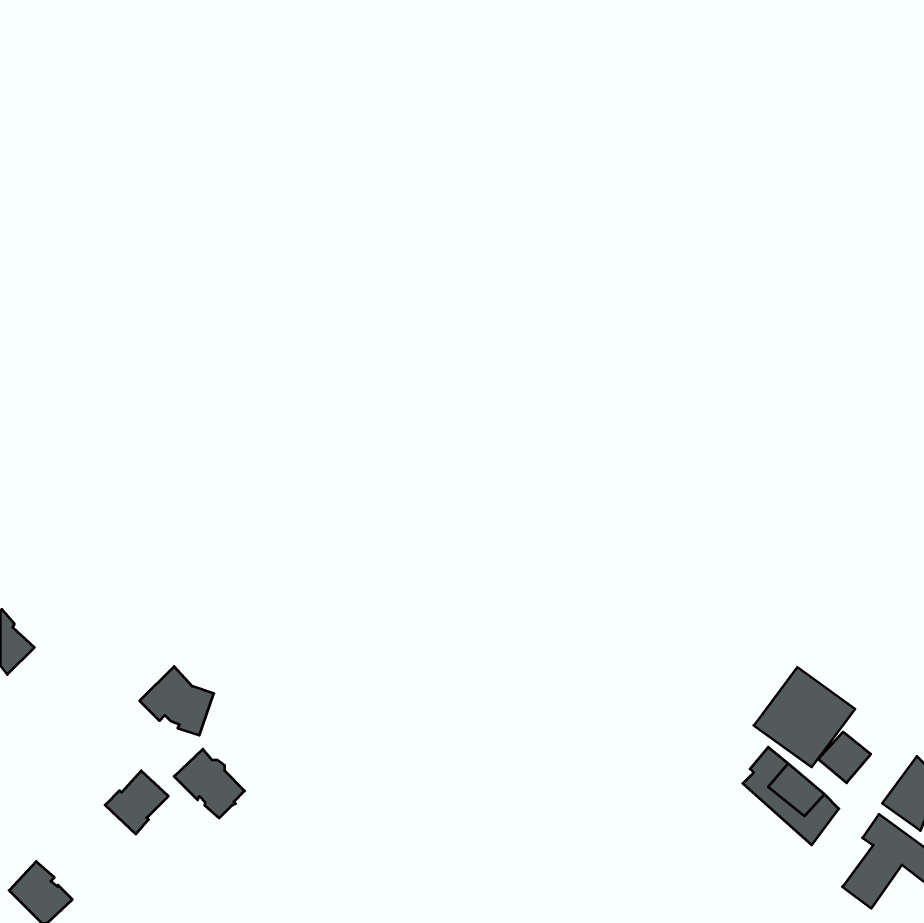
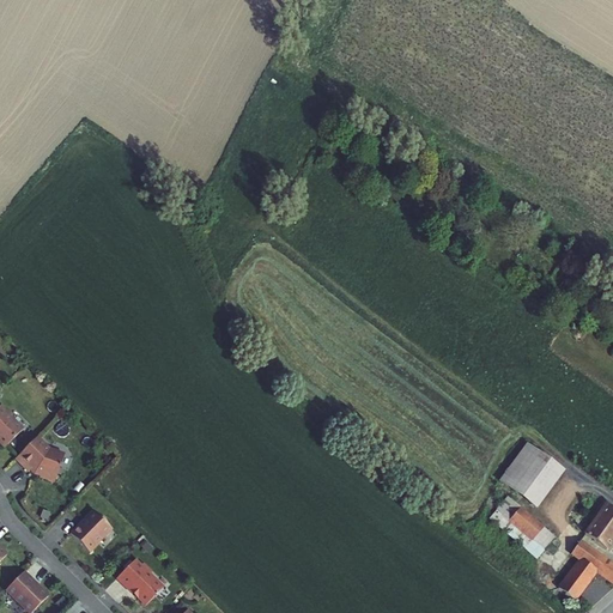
building: [140,666,214,735] -> [16,435,65,480]
building: [818,732,871,783] -> none
building: [174,749,245,818] -> [117,558,164,603]

